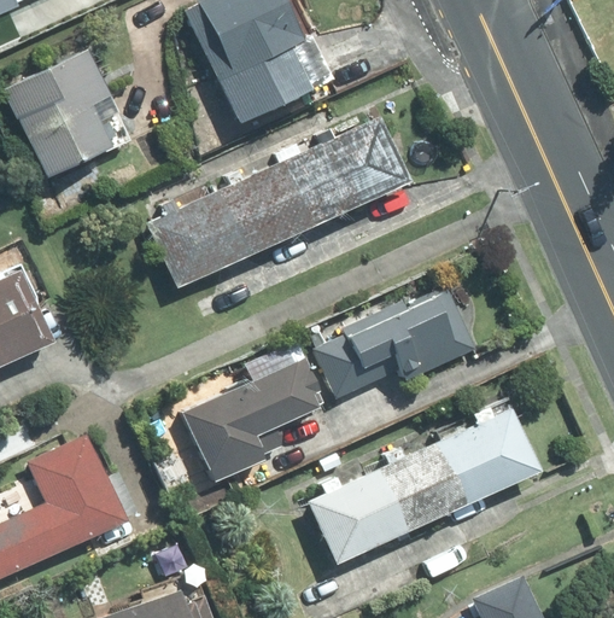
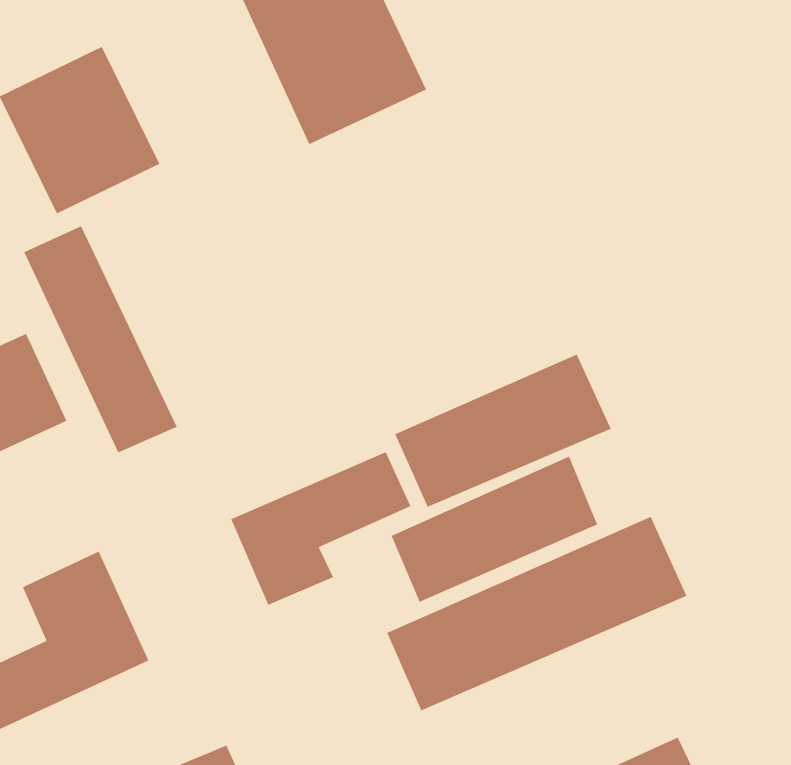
building: [147,121,404,288] -> none
building: none -> [23,225,178,454]
building: none -> [390,456,598,603]

